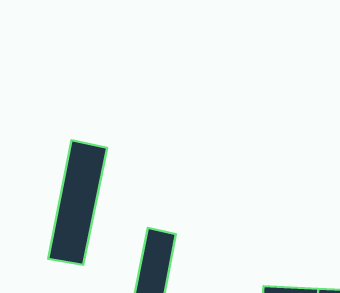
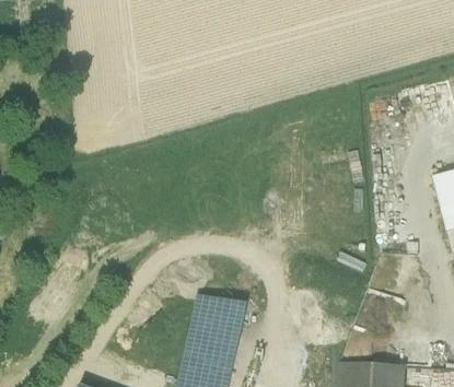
building: [48,140,107,265] -> none

